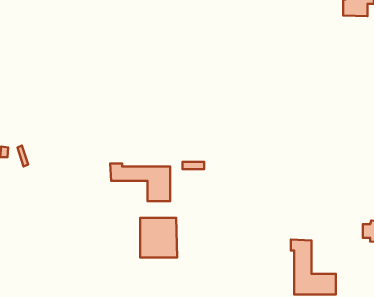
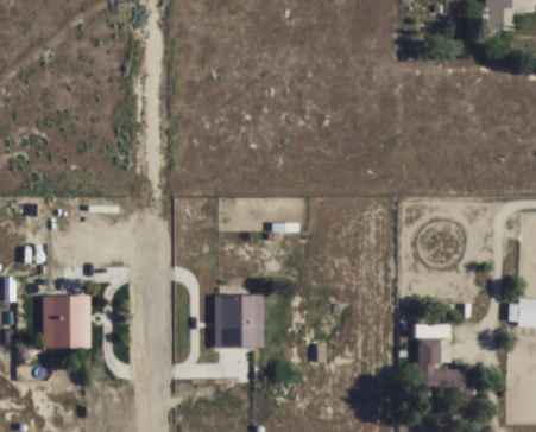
building: [110,163,170,201] -> none
building: none -> [43,294,90,348]

